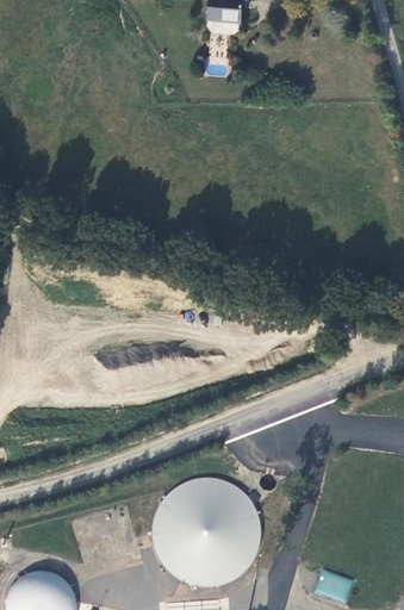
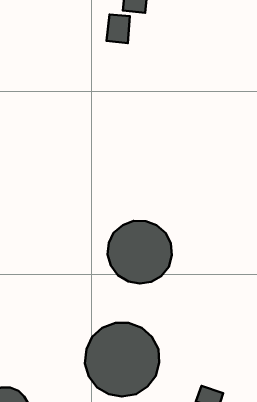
building: none -> [106,14,130,43]
building: none -> [107,221,172,284]

